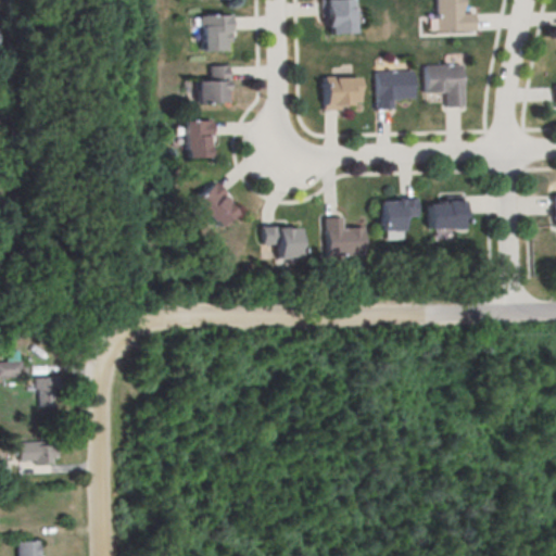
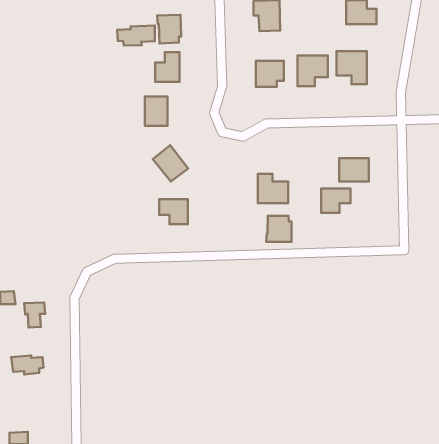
building: none -> [117,26,155,46]
building: [382,199,419,229] -> [321,188,351,213]
building: [265,226,301,257] -> [159,199,188,224]
building: none -> [266,216,291,242]

